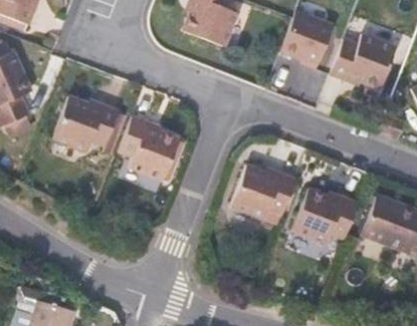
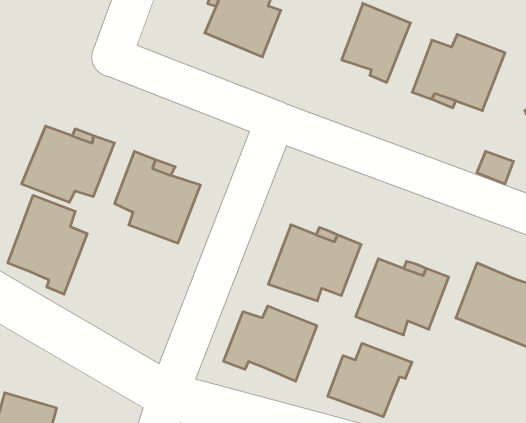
building: none -> [8,195,87,294]
building: none -> [224,306,317,381]
building: none -> [328,343,412,417]

